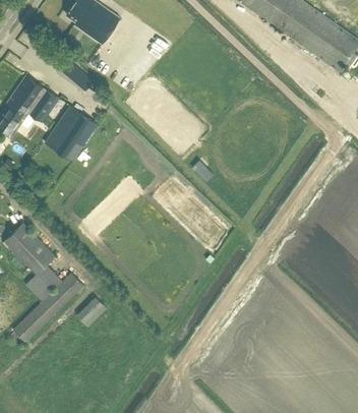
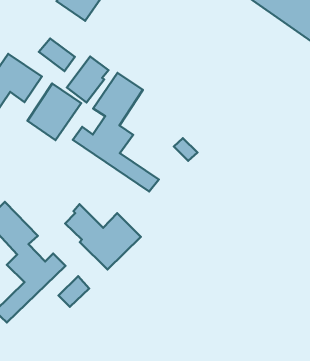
building: none -> [67,56,109,103]
building: none -> [73,73,159,192]
building: none -> [65,204,141,270]

